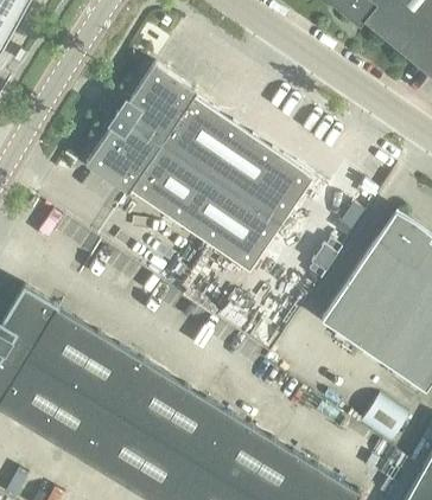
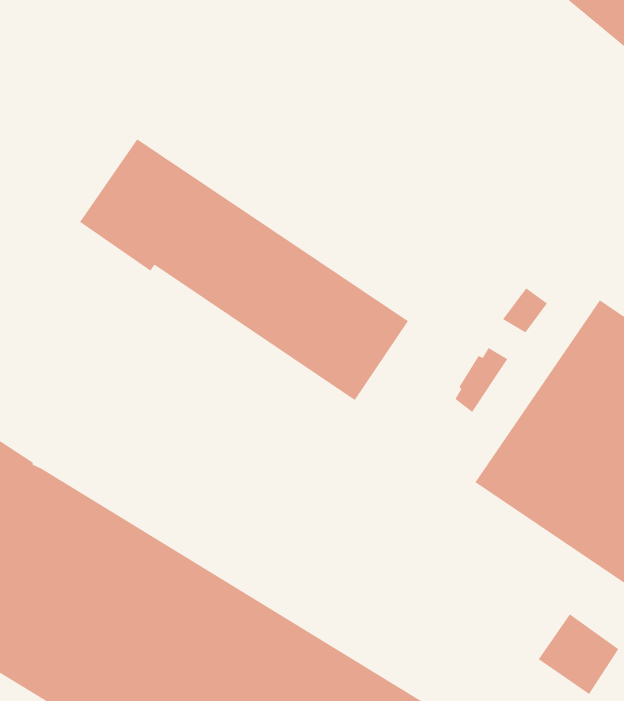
building: [114,64,315,224] -> none

